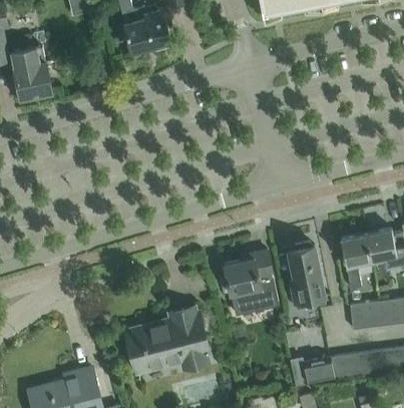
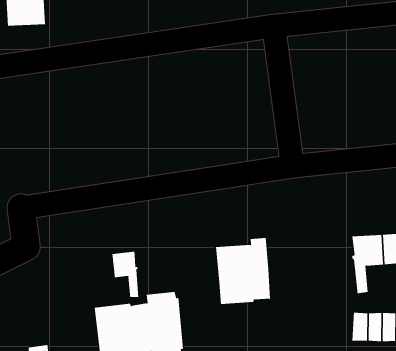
building: [288,242,326,310] -> none
building: none -> [112,251,139,298]

